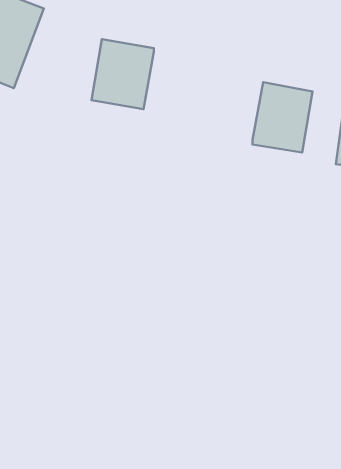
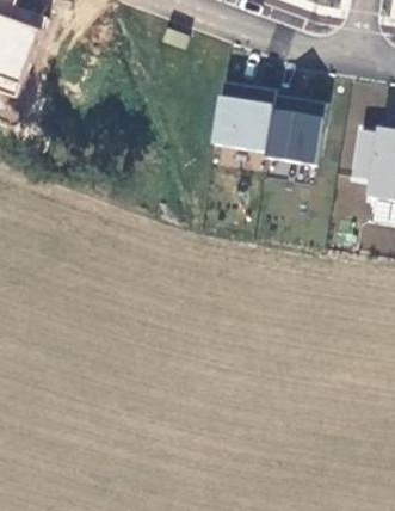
building: [92,39,154,109] -> [211,80,276,153]

